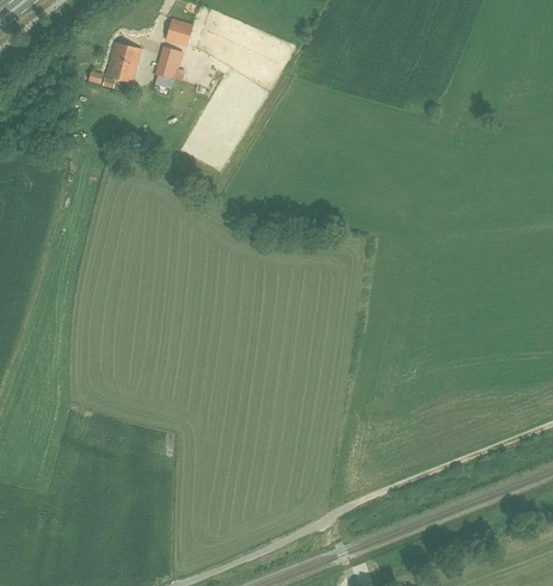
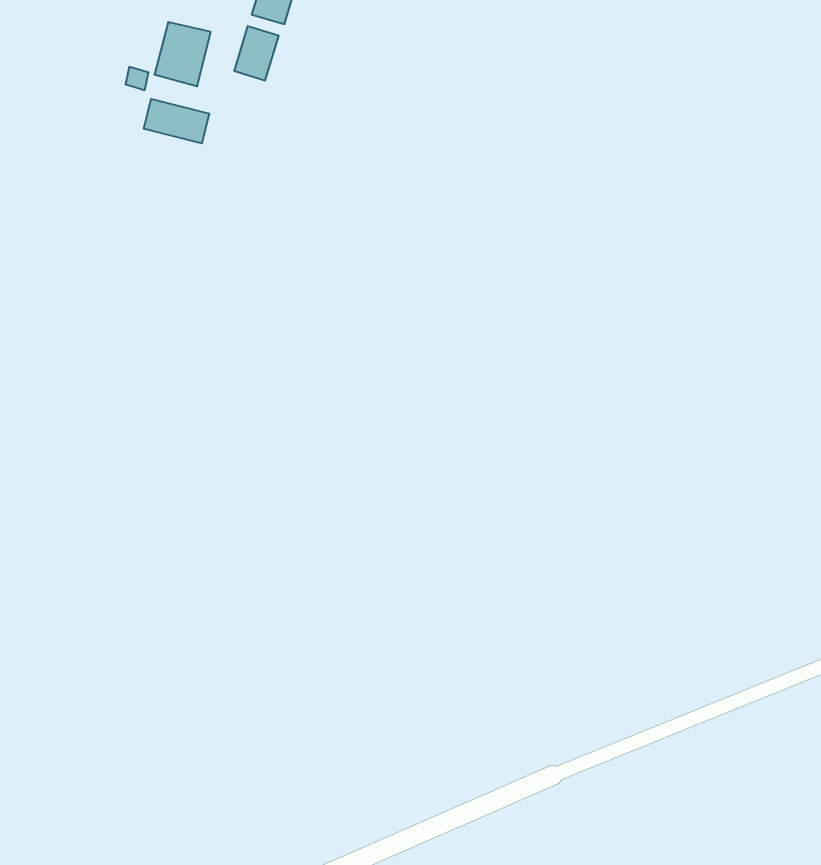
building: none -> [144,99,209,143]

